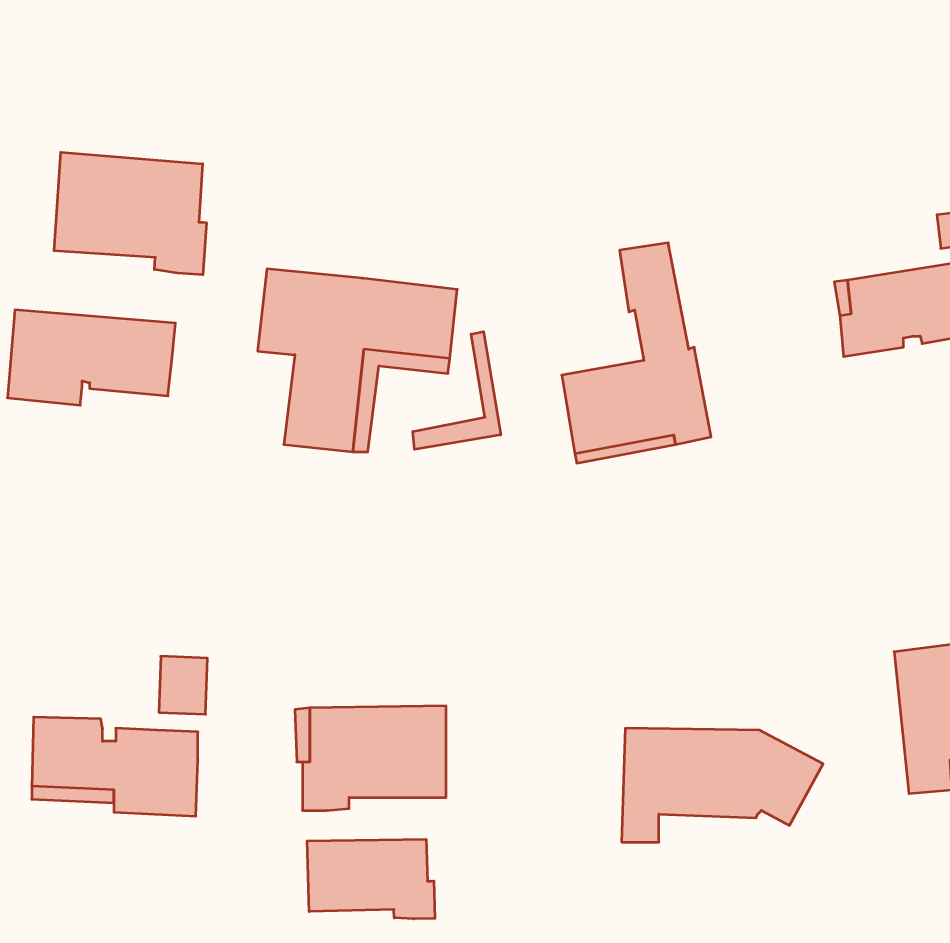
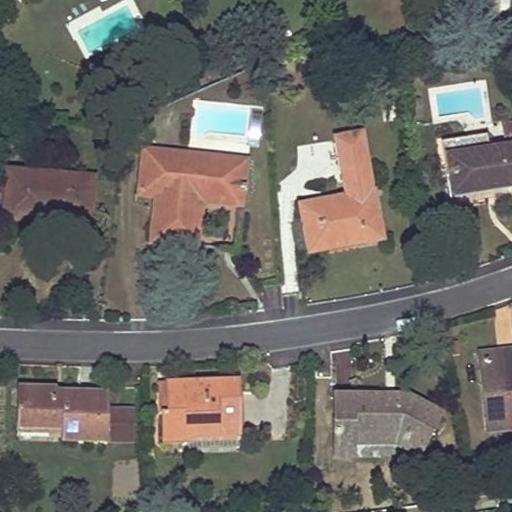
building: [54,152,206,275] -> none
building: [413,332,501,449] -> none
building: [159,656,207,714] -> [107,407,133,438]
building: [307,839,435,919] -> none

